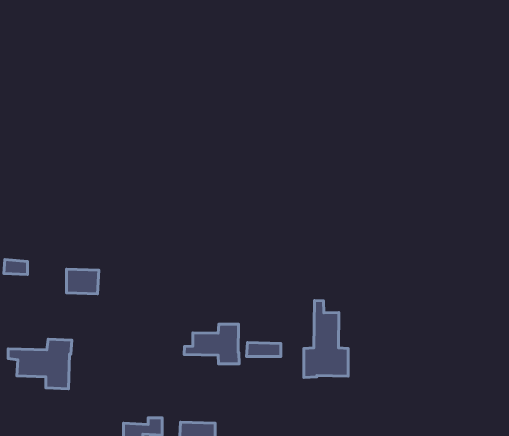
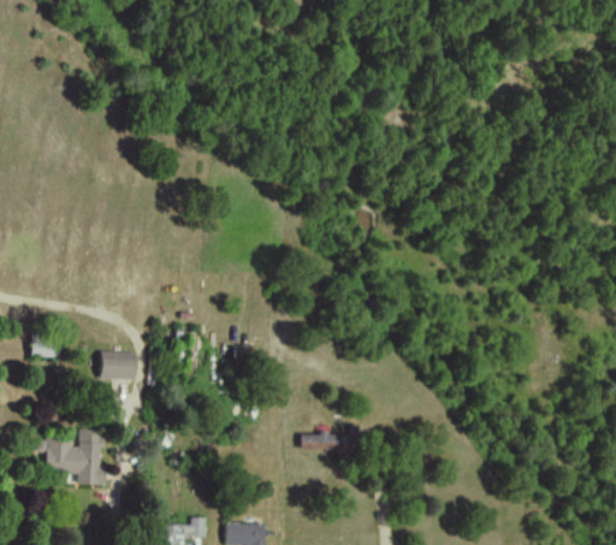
building: [304,300,348,377] -> none
building: [184,324,239,364] -> none

